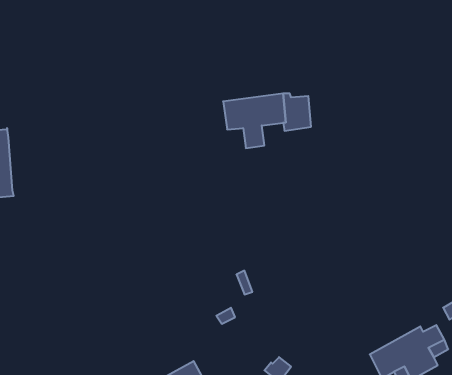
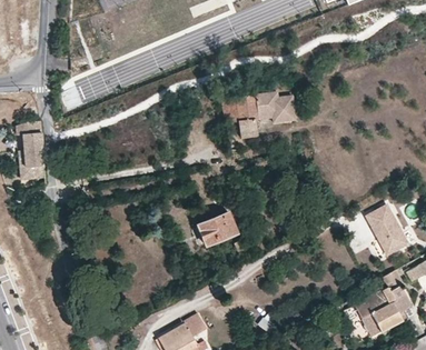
building: none -> [366,204,407,252]
building: none -> [196,211,237,247]

